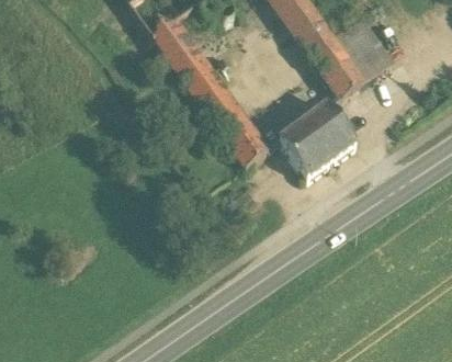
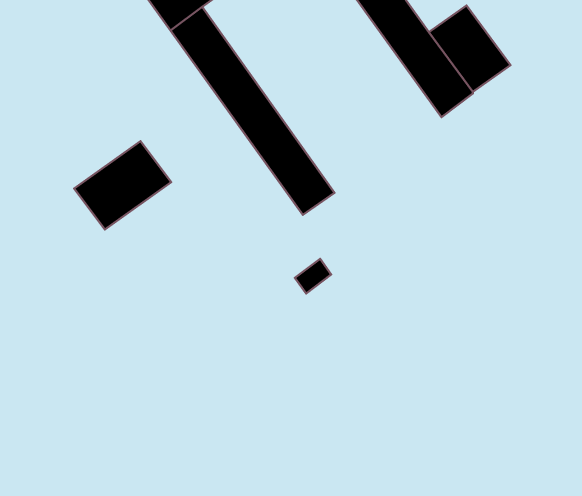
building: [279,101,355,174] -> none
building: none -> [74,141,171,229]

